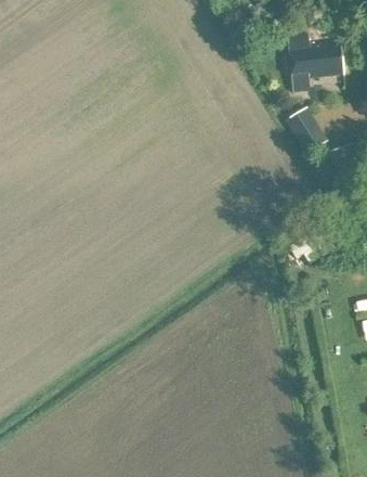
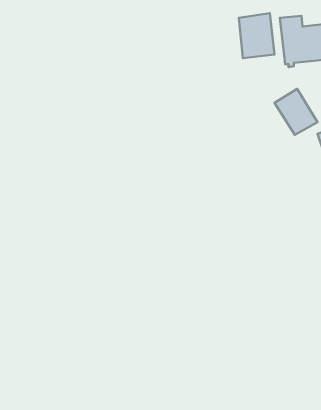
building: none -> [239,13,275,58]

